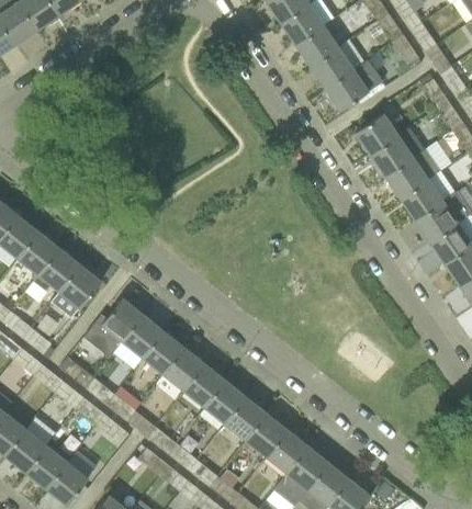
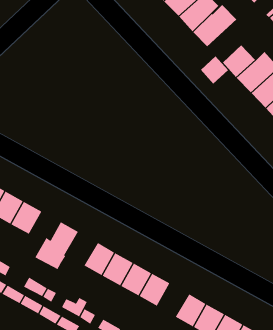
building: none -> [200,56,229,84]
building: [122,315,165,358] -> none
building: [226,397,268,440] -> none

